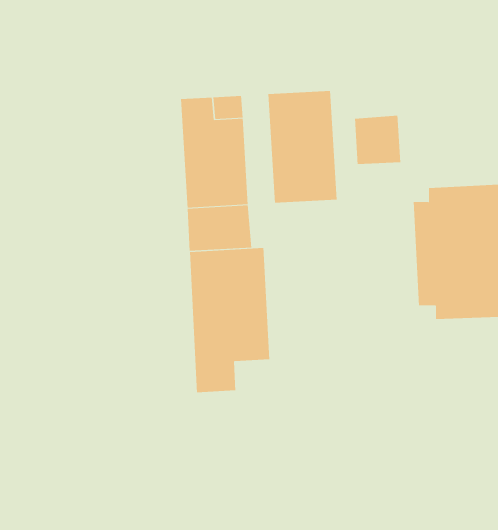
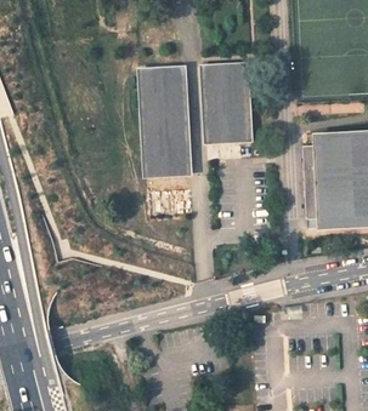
building: [354,115,401,165] -> none
building: [189,247,270,393] -> none

